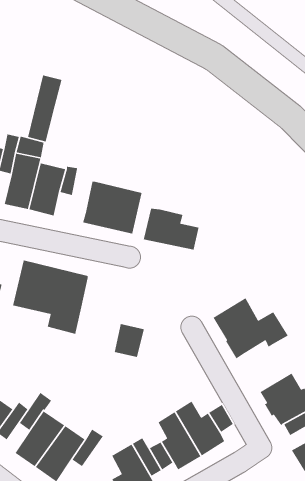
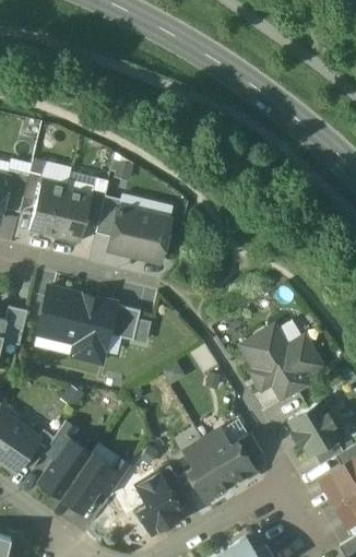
building: [27,74,63,142] -> none
building: none -> [95,194,121,237]
building: [143,208,200,250] -> none
building: [114,323,145,358] -> [108,305,140,340]
building: none -> [271,369,310,401]

